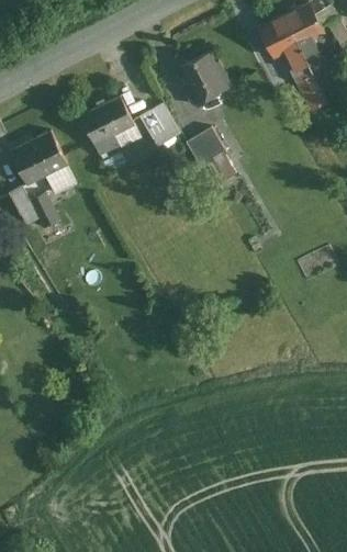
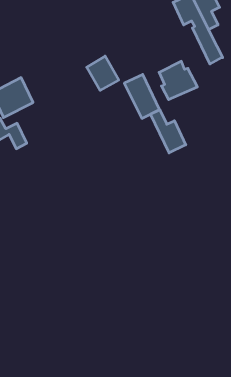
building: [178,53,231,105] -> [159,61,197,100]
building: [80,98,133,155] -> none
building: none -> [151,110,186,153]

